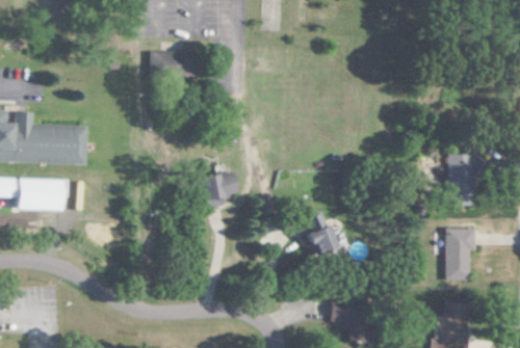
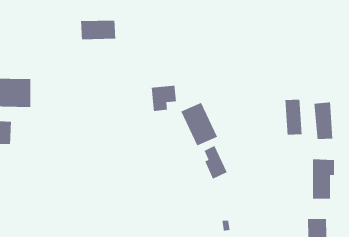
building: none -> [284,99,303,135]
building: none -> [180,102,218,147]
building: [204,172,237,207] -> [151,85,177,112]

